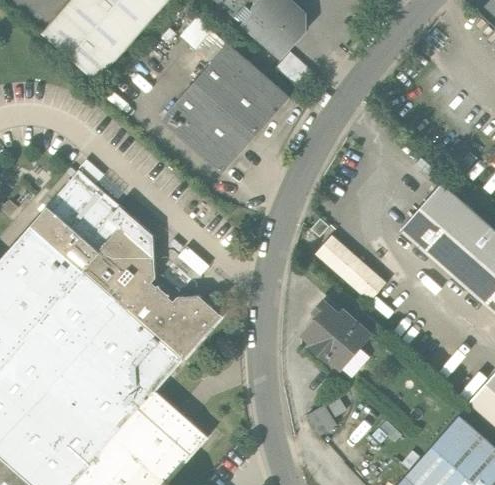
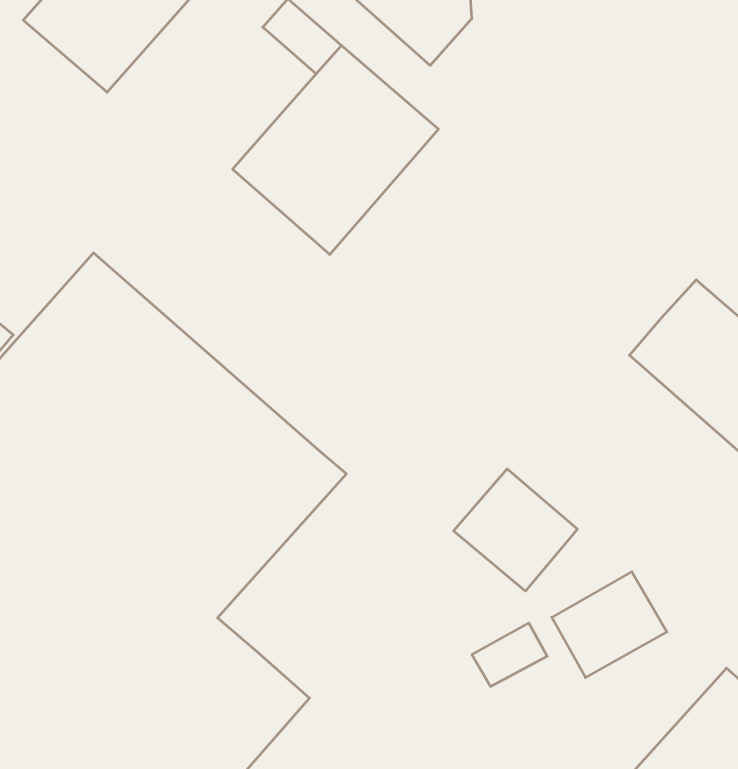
building: [313,236,385,303] -> none
building: none -> [552,572,667,678]

